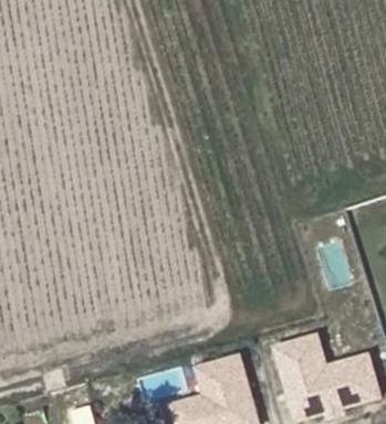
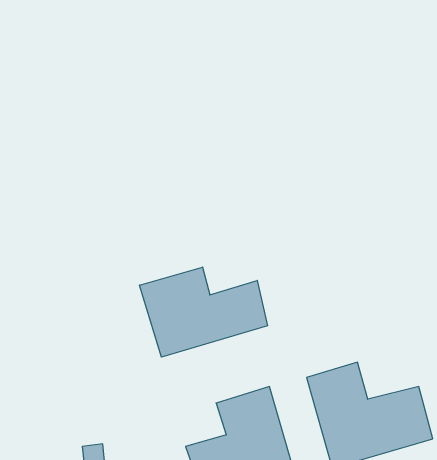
building: none -> [140,267,267,357]

